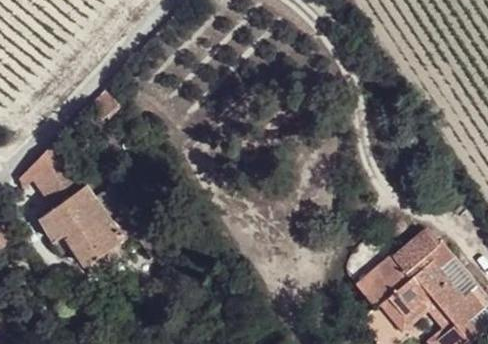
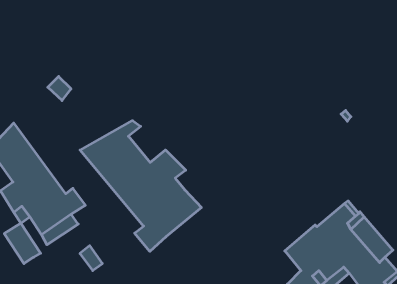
building: none -> [80,121,201,251]
building: none -> [4,223,41,264]

